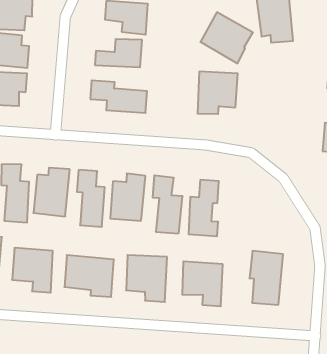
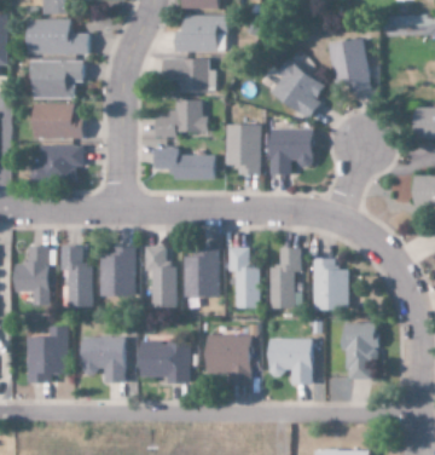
building: none -> [226,123,261,174]
building: none -> [312,257,348,309]

